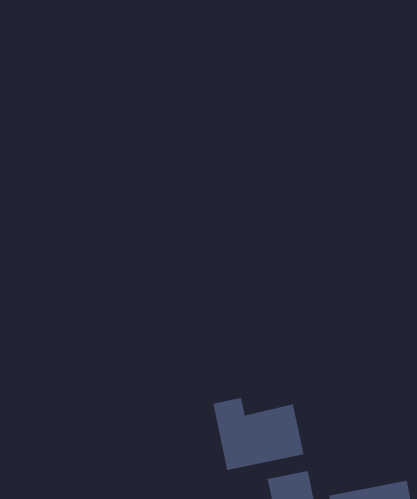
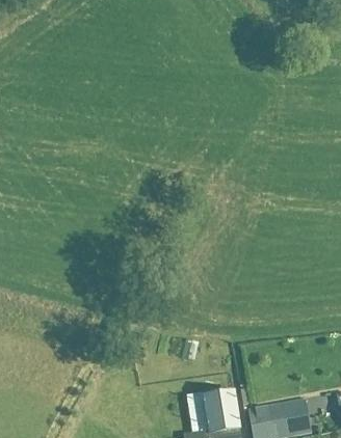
building: [213,397,304,471] -> none

